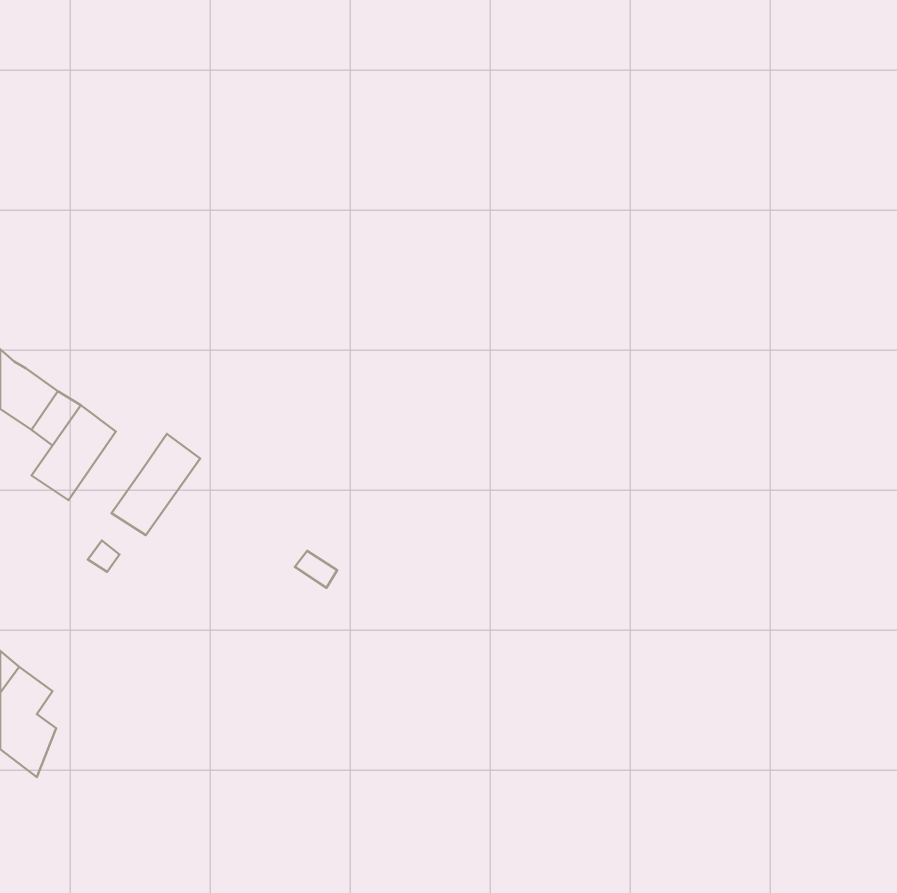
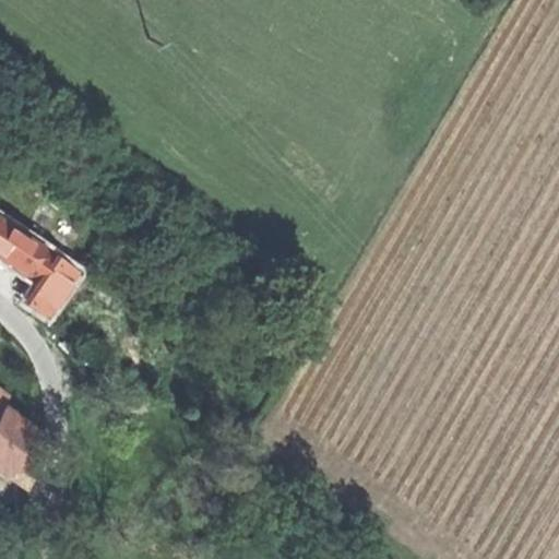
building: [111,434,200,535] -> none

